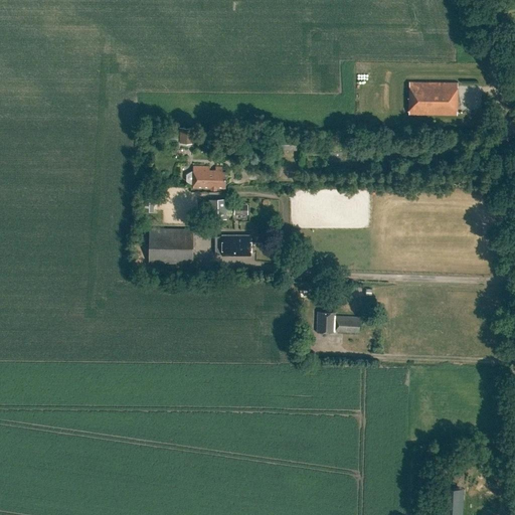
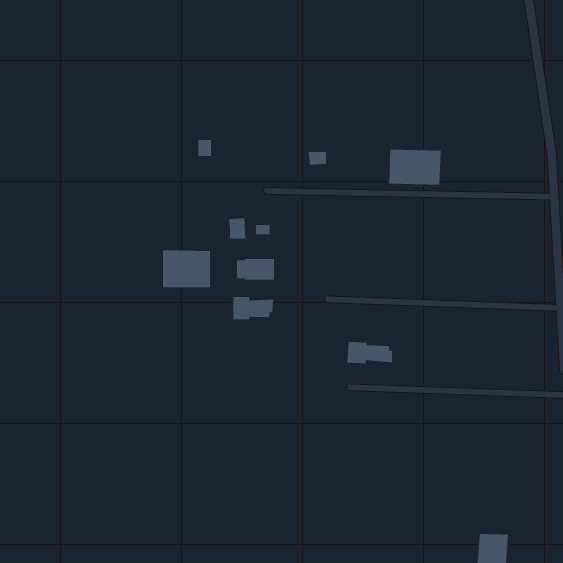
building: [409,82,458,116] -> [388,149,441,185]
building: [187,167,226,194] -> none
building: none -> [232,296,274,320]

